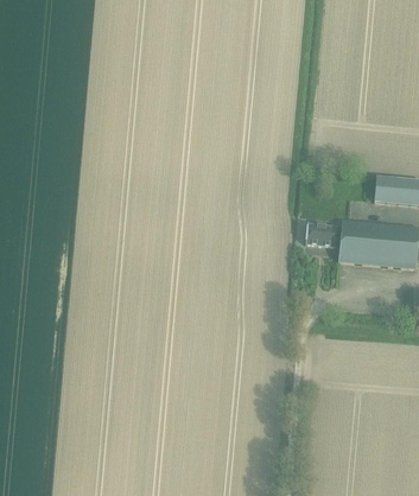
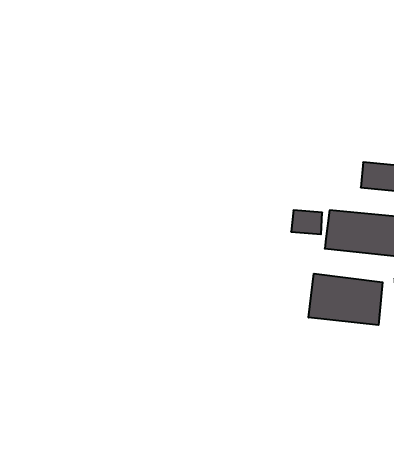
building: none -> [309,274,383,325]

